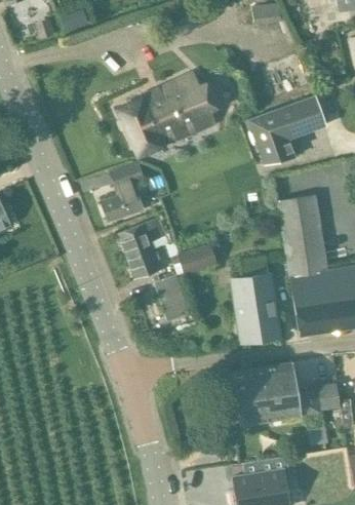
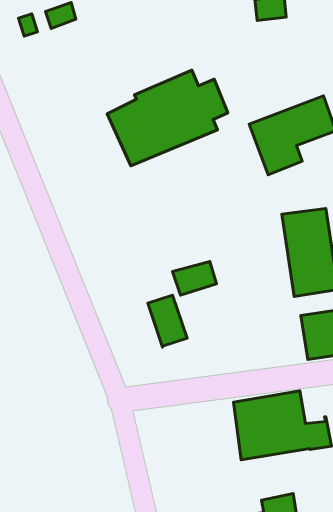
building: [100,160,145,222] -> none
building: [118,219,164,278] -> none
building: [232,273,279,342] -> none

